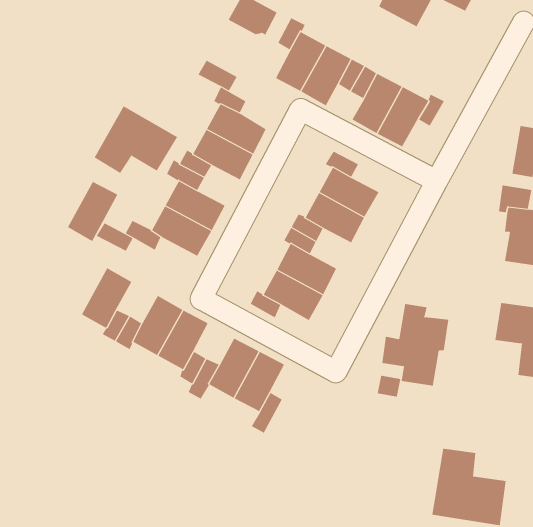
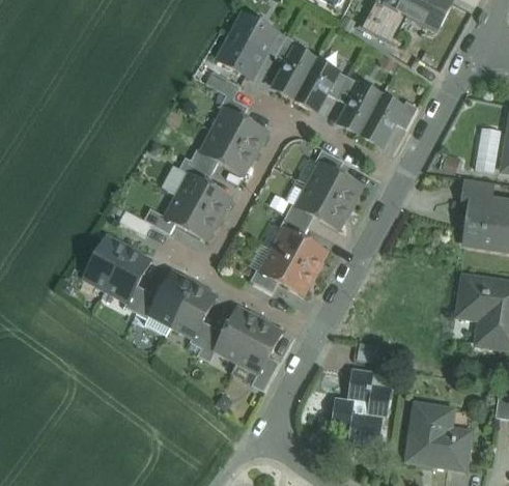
building: none -> [220,37,264,77]
building: [94,106,178,174] -> none
building: [67,181,118,242] -> [85,237,129,289]
building: [381,304,449,386] -> [333,374,391,445]

